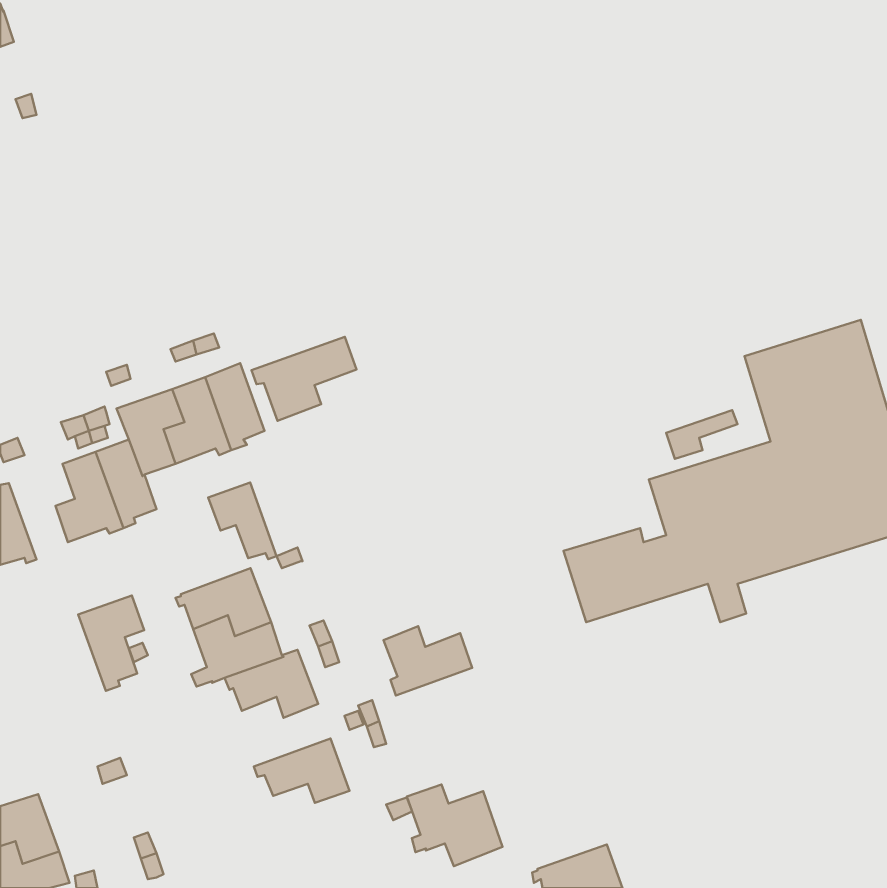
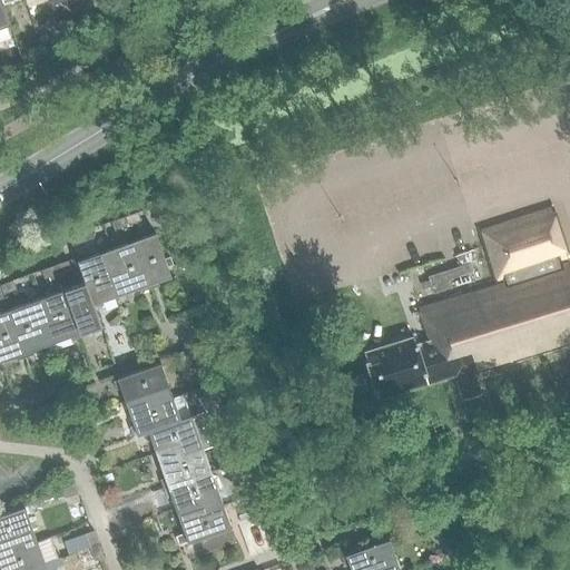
building: [252,337,356,421] -> none
building: [208,483,277,559] -> none
building: [78,595,144,691] -> [7,297,49,358]
building: [384,626,472,696] -> [156,446,213,491]
building: [407,784,502,866] -> [176,502,237,554]

